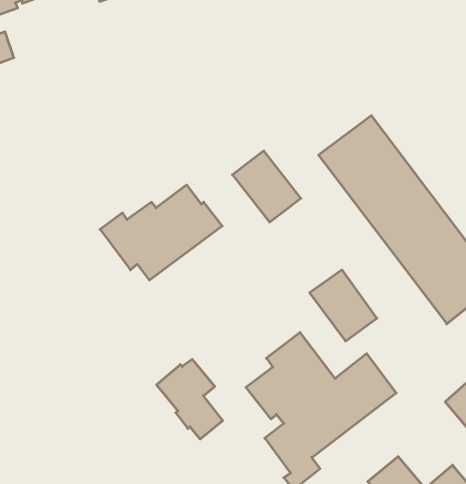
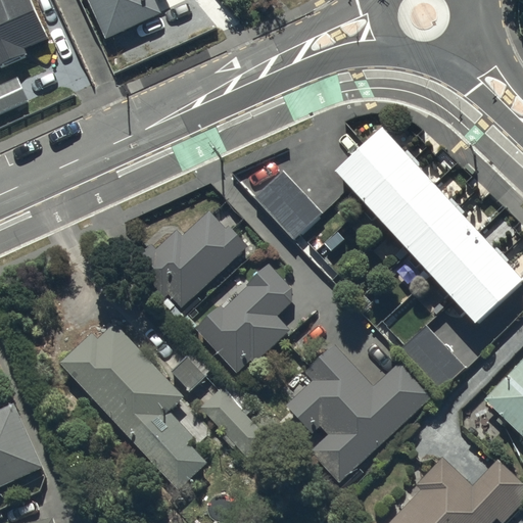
building: none -> [194,264,291,374]
building: [310,270,377,341] -> [395,324,464,393]
building: none -> [58,322,206,490]

